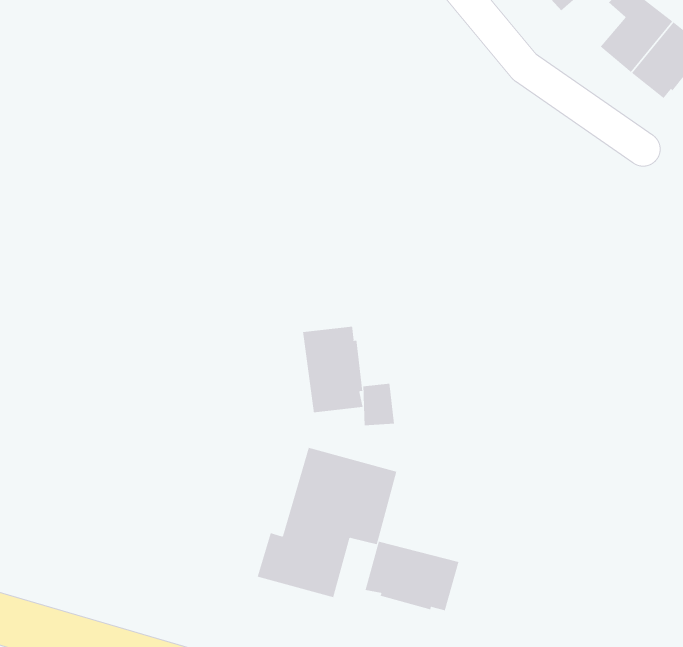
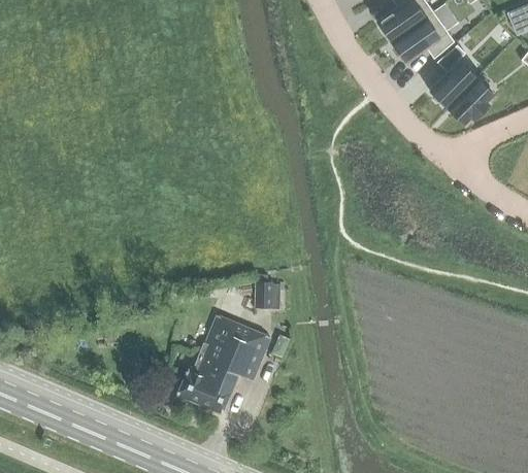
building: [303,326,363,413] -> none
building: [365,541,459,611] -> none

